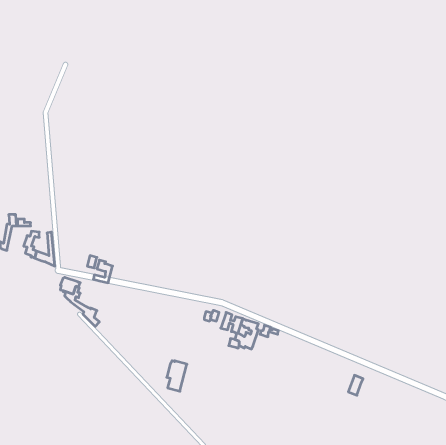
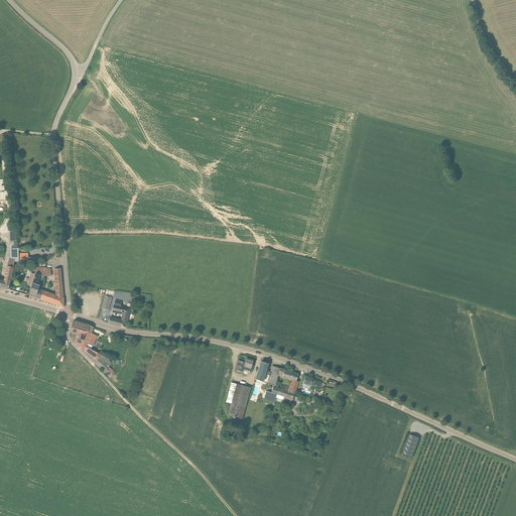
building: [167,361,187,391] -> [227,383,250,418]

